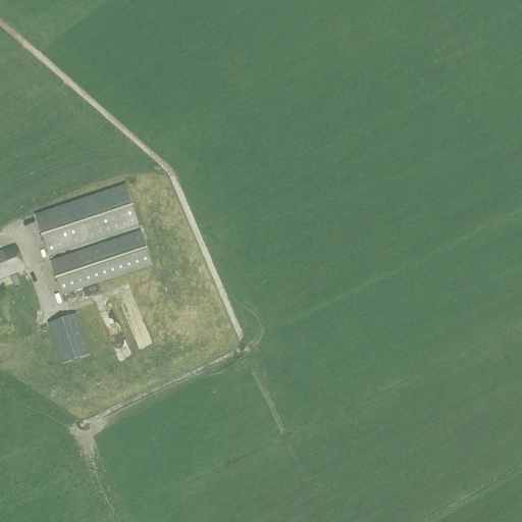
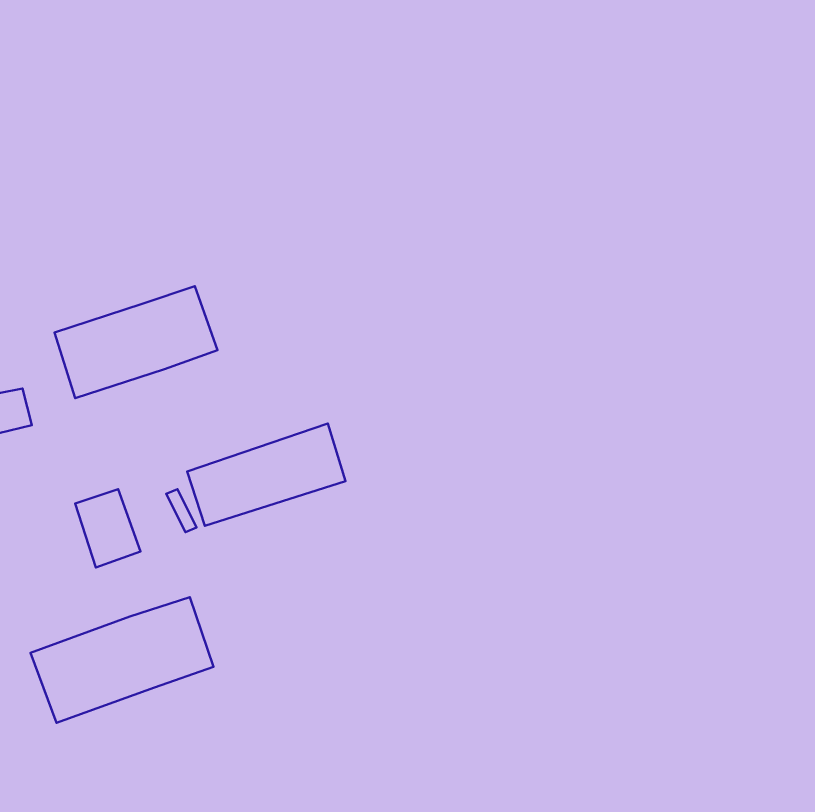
building: [50,227,151,293] -> [187,424,345,526]
building: none -> [31,597,213,723]

